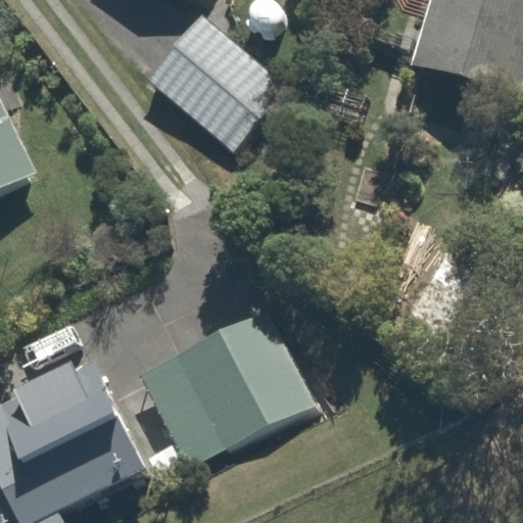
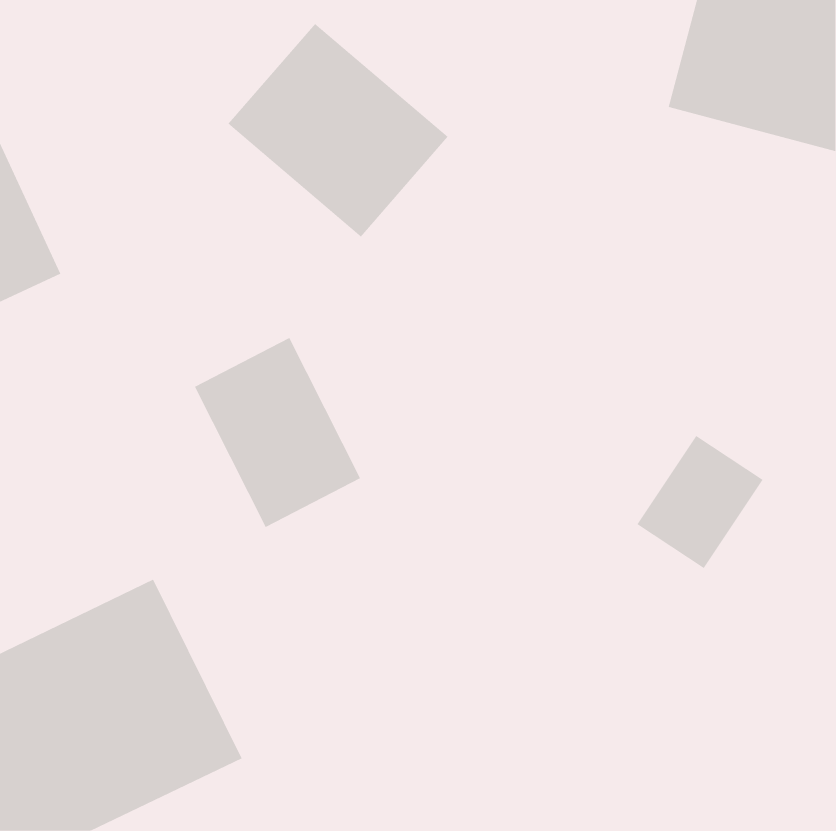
building: none -> [194,337,361,528]
building: [144,314,313,460] -> none

